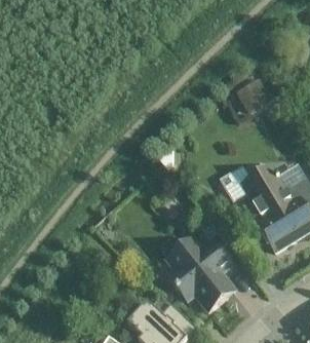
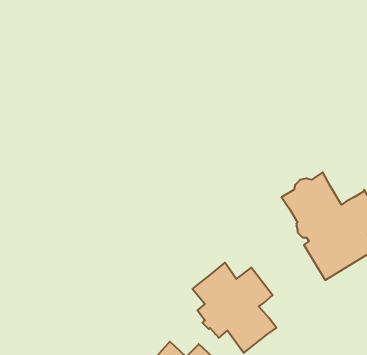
building: [235,77,271,112] -> none

